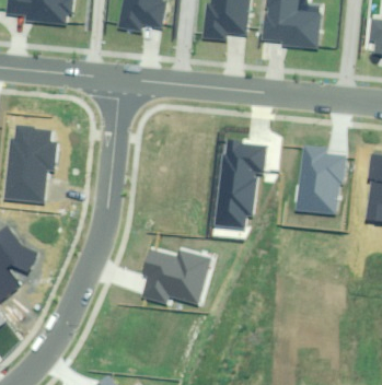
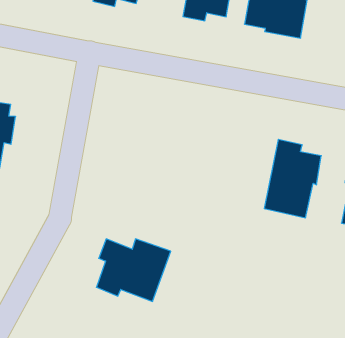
building: [217,139,265,228] -> none

